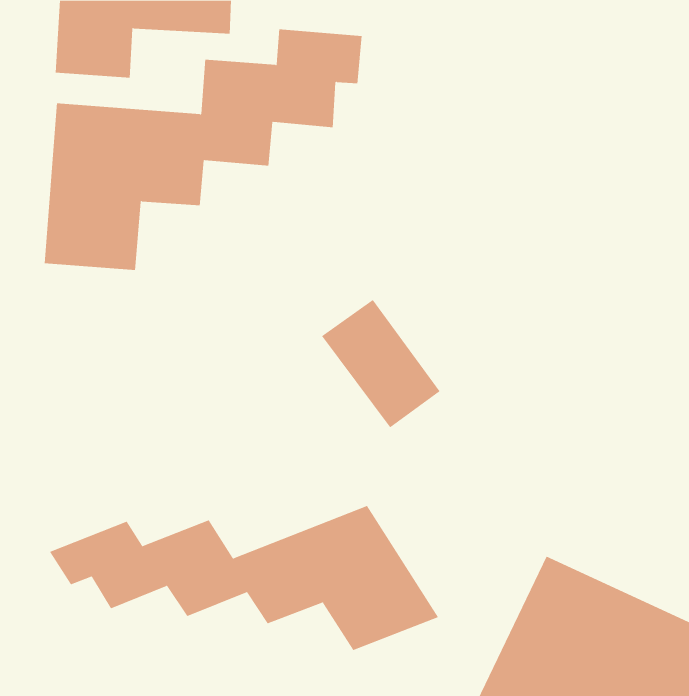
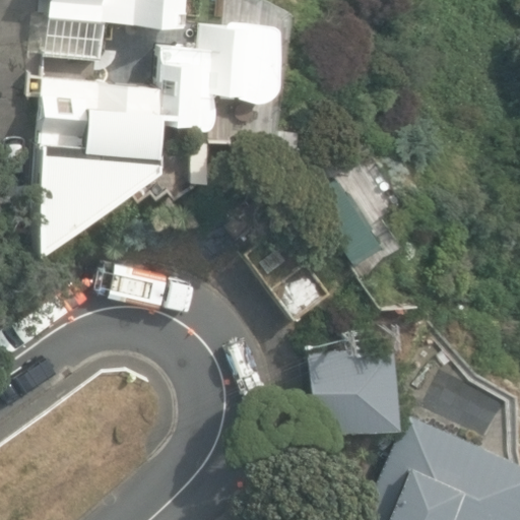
building: none -> [314,347,397,432]
building: [49,505,439,651] -> none

